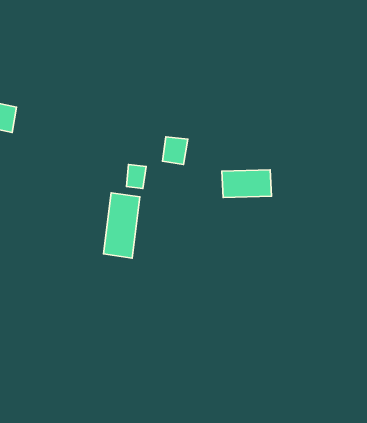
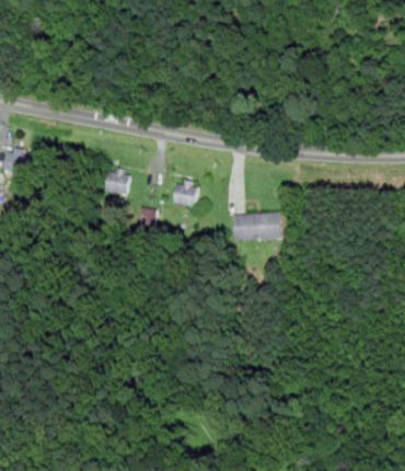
building: none -> [104,166,130,195]
building: [104,193,140,258] -> none

